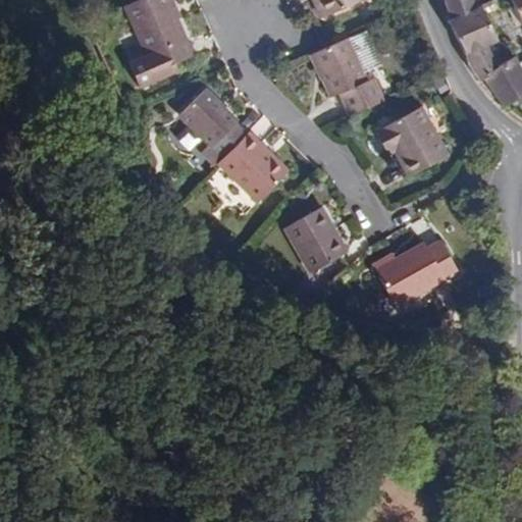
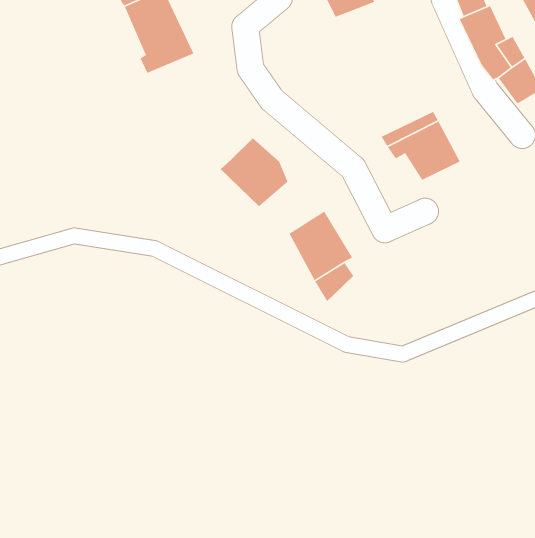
building: [310,38,384,114] -> none
building: [179,86,249,154] -> none
building: [364,243,450,308] -> none

